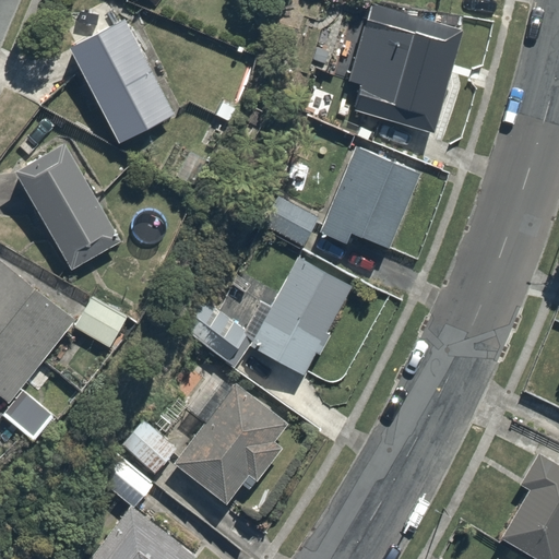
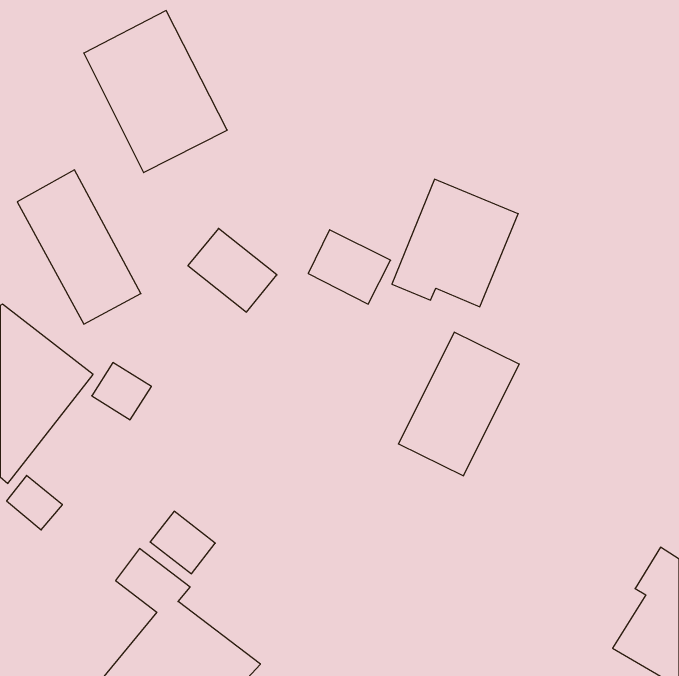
building: [343,7,464,143] -> none
building: [253,258,353,376] -> [398,332,519,476]
building: [181,299,254,368] -> [188,228,277,312]
building: [170,380,298,511] -> none

